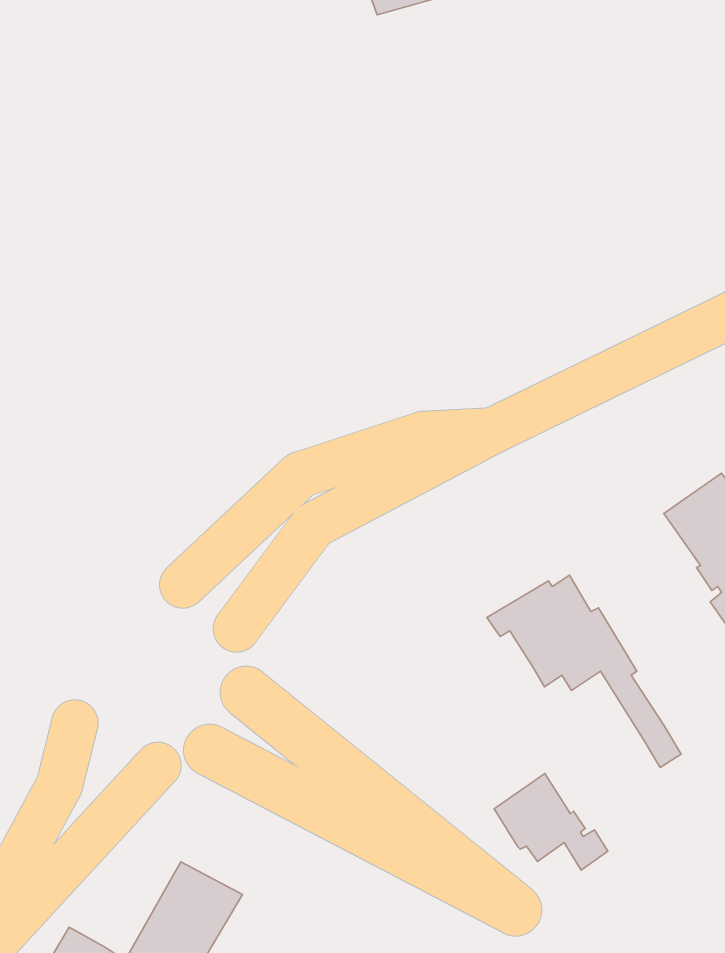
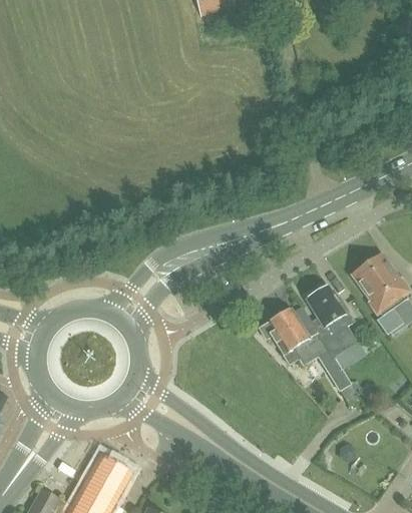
building: none -> [307,285,358,355]
building: [494,773,608,870] -> none

